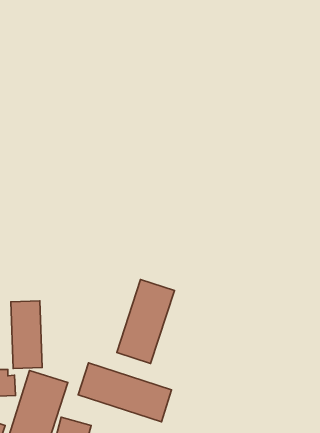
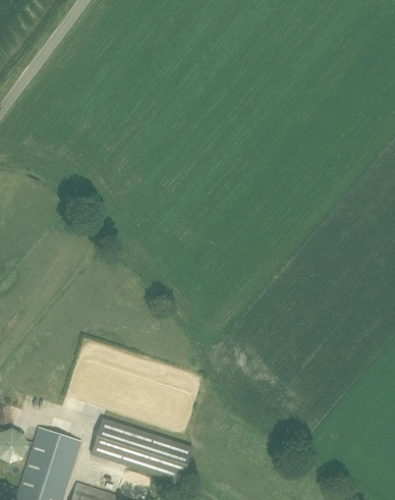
building: [117,279,174,364] -> none
building: [11,301,42,368] -> none

